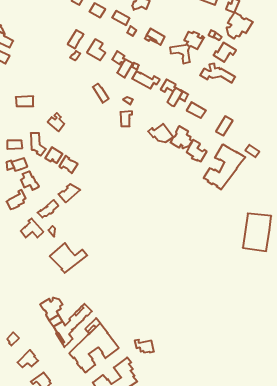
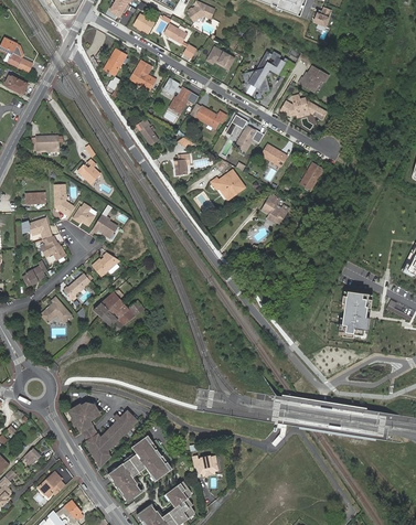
building: [227,12,253,39] -> none
building: [170,126,192,148] -> none
building: [204,144,245,190] -> none
building: [50,243,87,273] -> [95,292,145,332]

